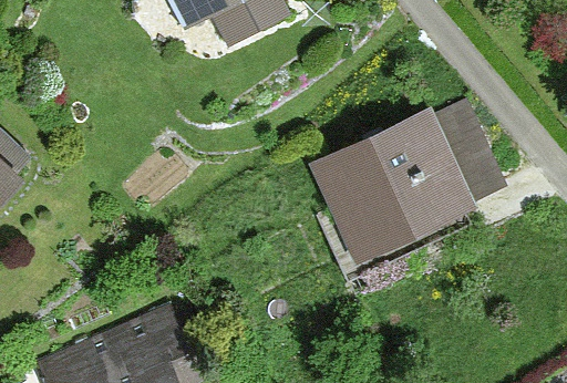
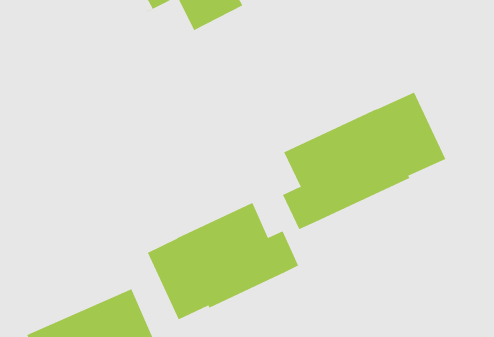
building: none -> [147,202,299,320]

